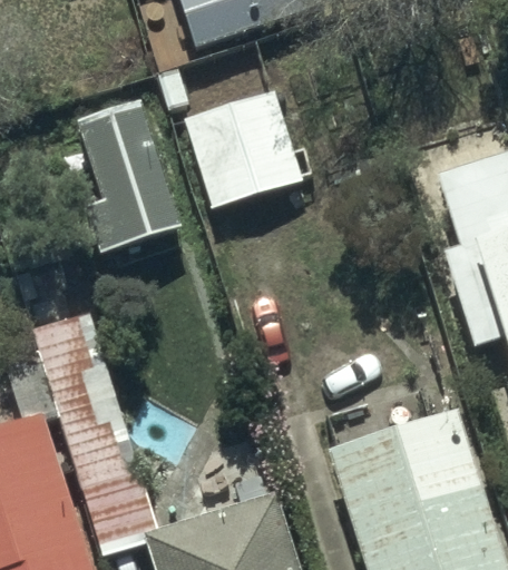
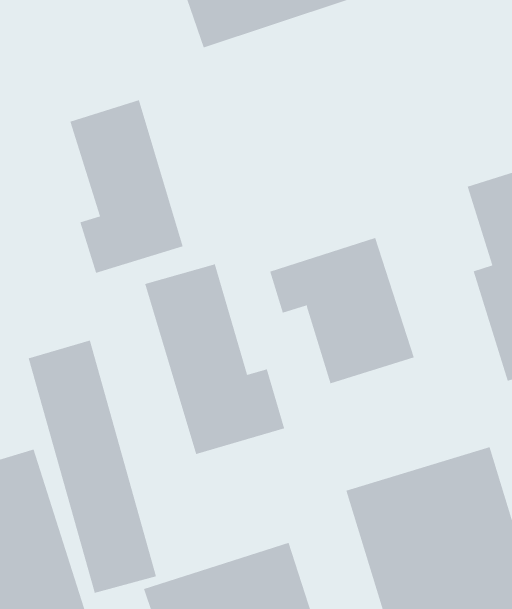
building: [183,87,319,209] -> none
building: none -> [269,237,414,384]
building: none -> [145,263,285,455]

